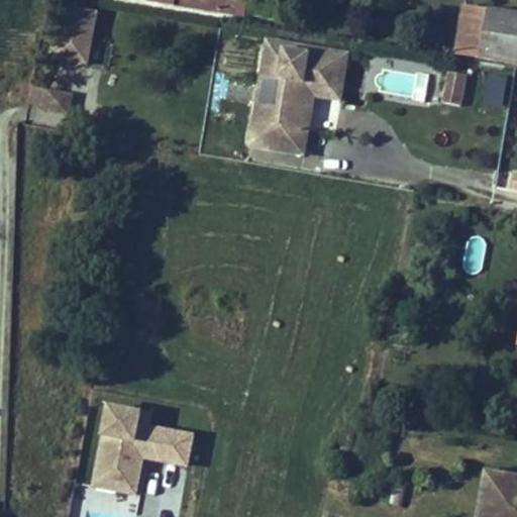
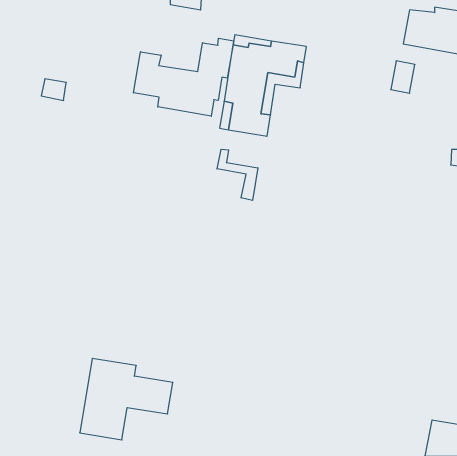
building: [63,5,98,61] -> none
building: none -> [134,38,234,116]
building: none -> [217,149,258,200]

